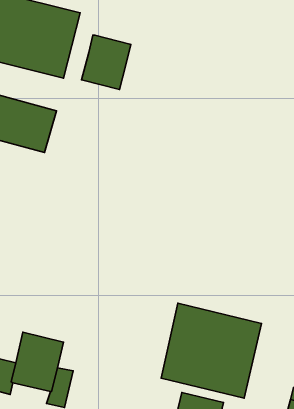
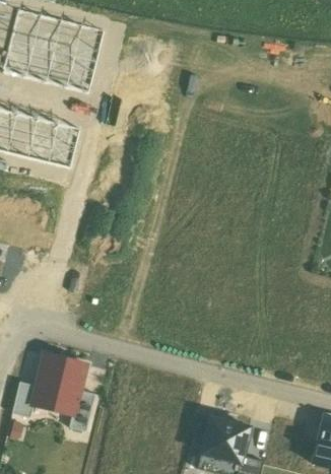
building: [82,35,131,89] -> none
building: [161,303,261,398] -> none

